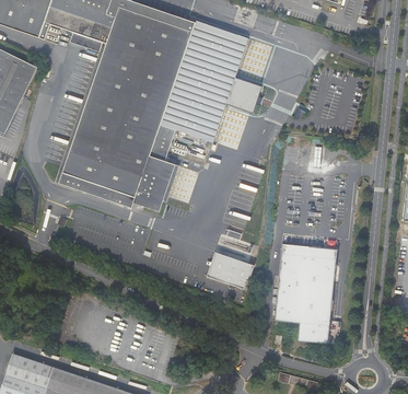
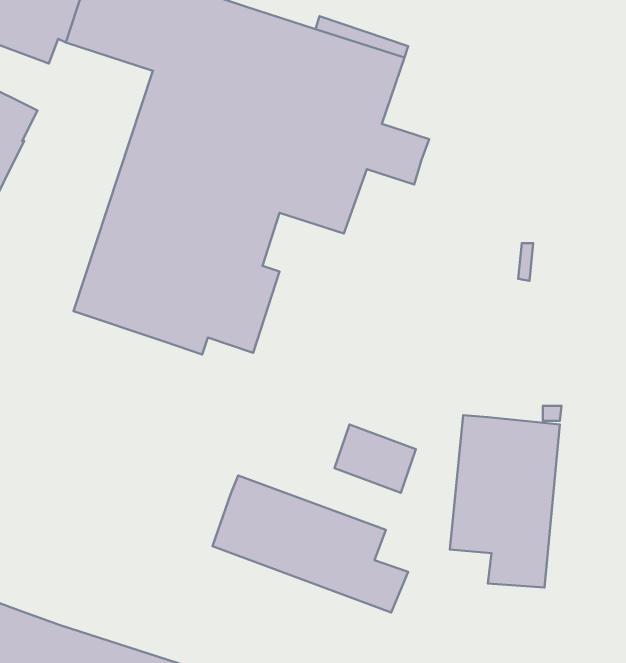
building: none -> [212,476,408,613]

